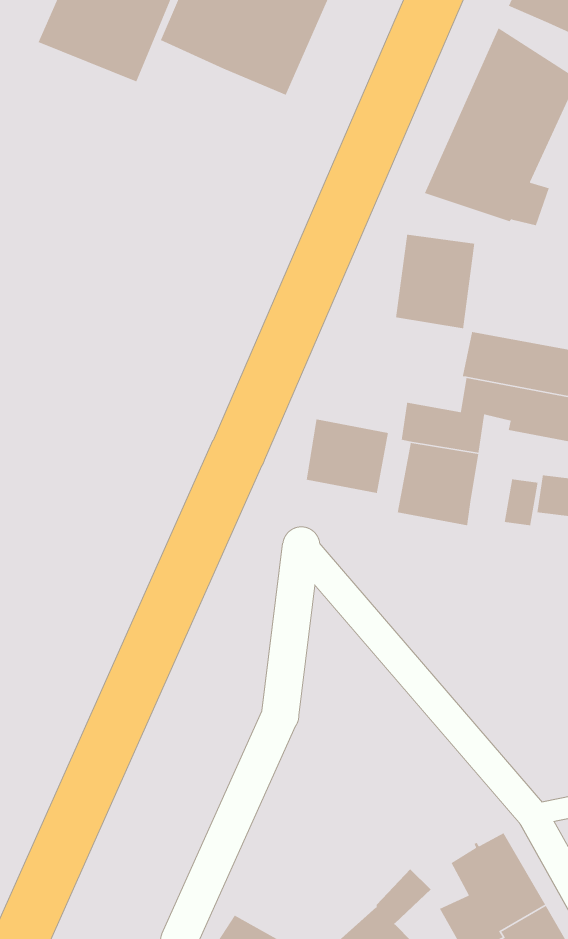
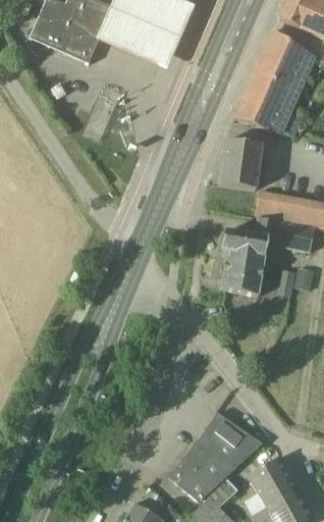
building: [306,419,389,494] -> none
building: none -> [169,411,263,501]

